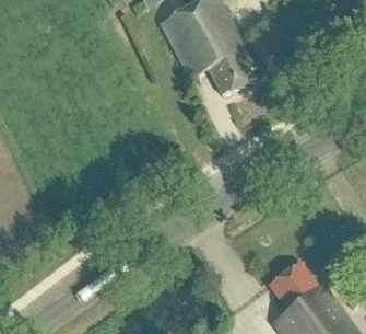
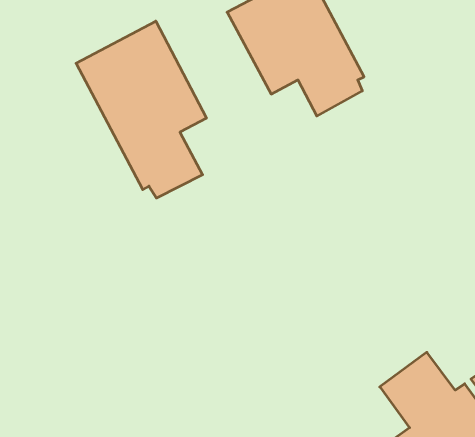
building: none -> [76,21,206,198]

